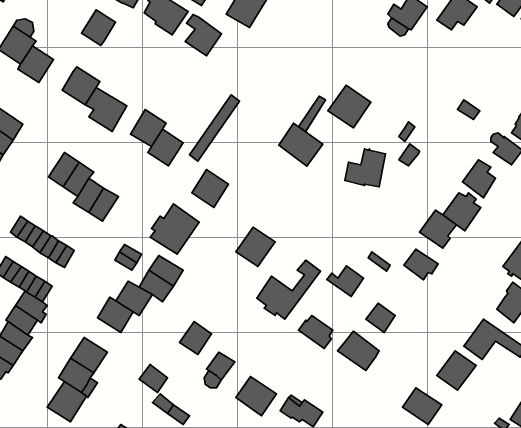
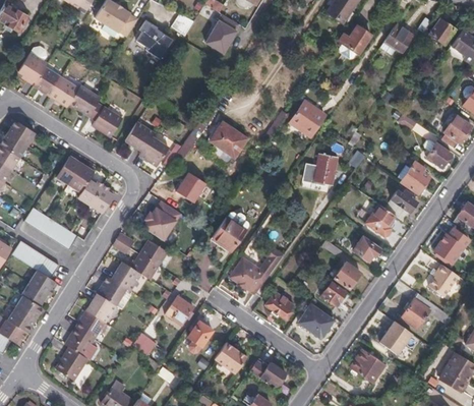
building: [81,10,116,45] -> [49,78,77,108]
building: [185,15,221,56] -> none
building: [279,123,323,166] -> [210,121,246,157]
building: [327,266,364,297] -> [329,263,359,288]
building: none -> [86,293,117,322]

